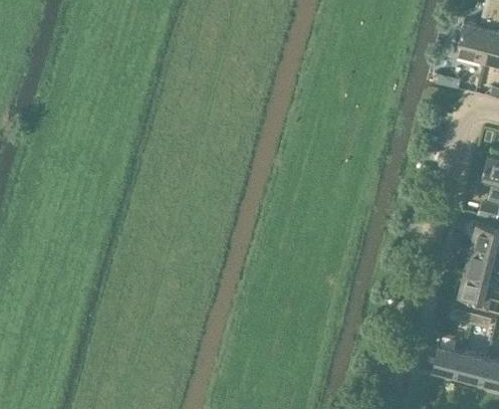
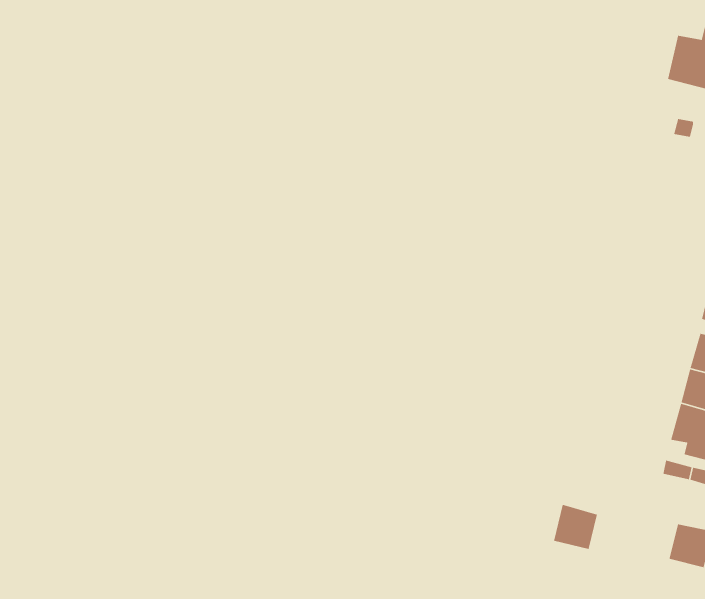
building: [436,347,466,378] -> [553,504,598,550]

